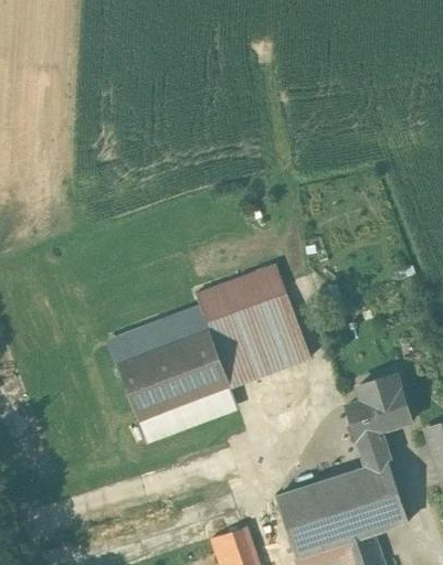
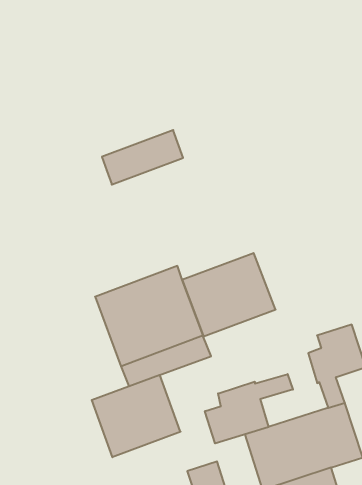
building: [196,264,286,324] -> [102,130,183,185]
building: none -> [205,374,293,443]
building: none -> [92,375,181,457]

